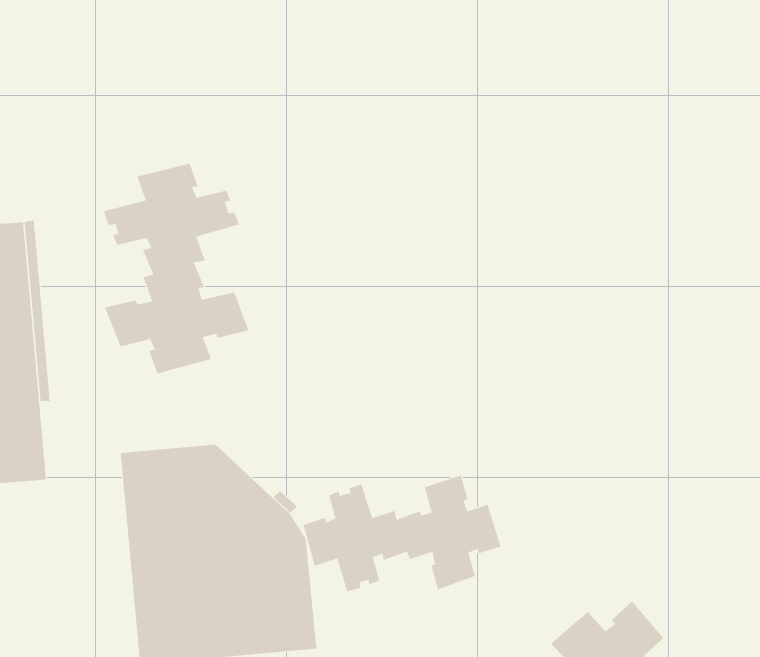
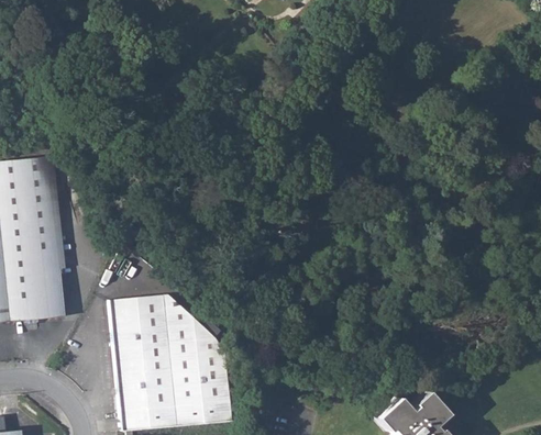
building: [103,163,249,374] -> none
building: [303,474,501,592] -> none

